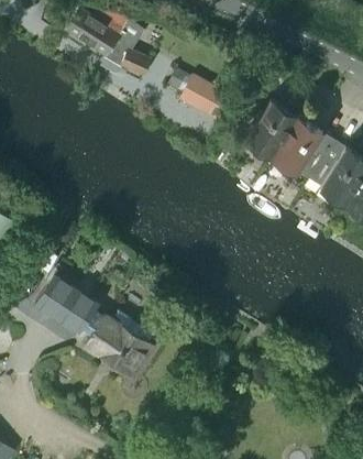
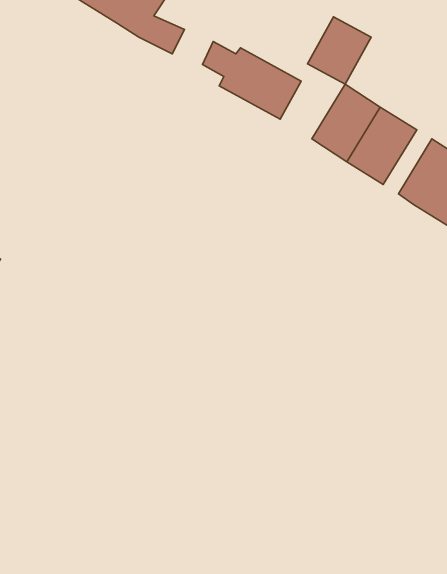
building: none -> [308,17,371,84]
building: [34,275,154,380] -> none

